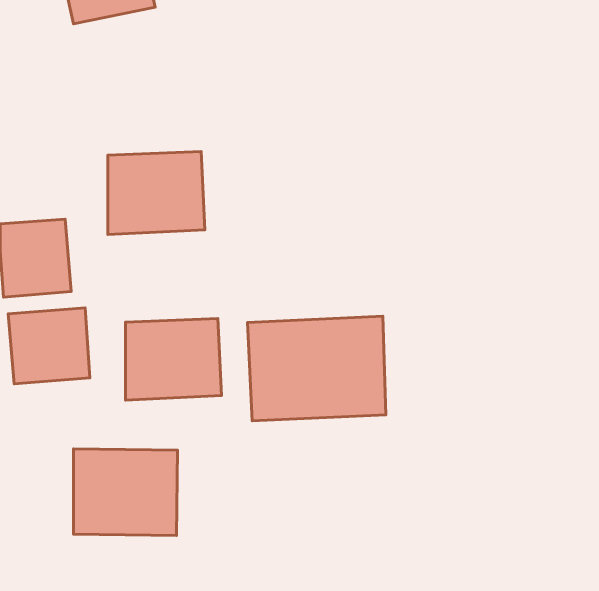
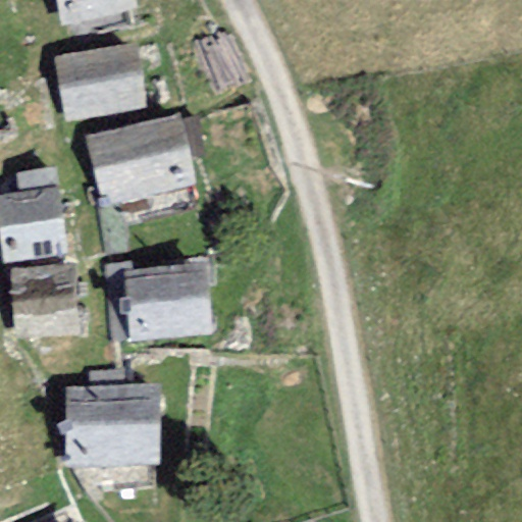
building: none -> [53,43,137,114]
building: [247,316,386,421] -> none

